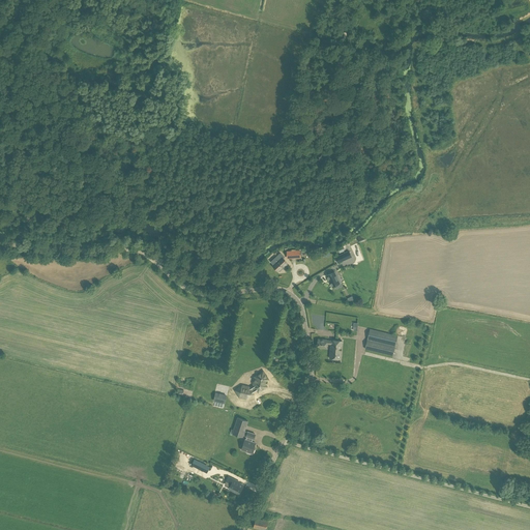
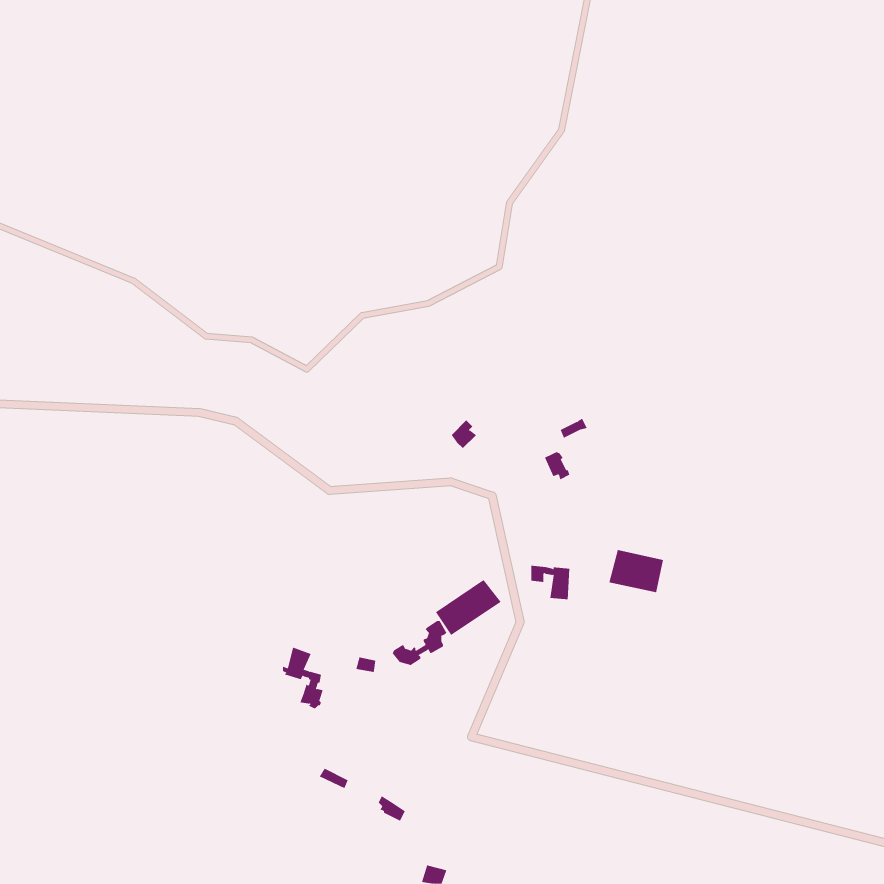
building: none -> [435,579,501,636]
building: [230,416,255,453] -> [282,647,324,709]

